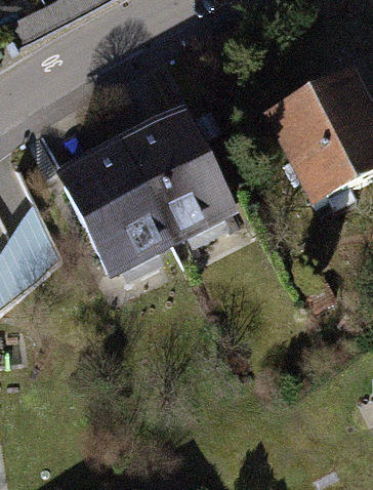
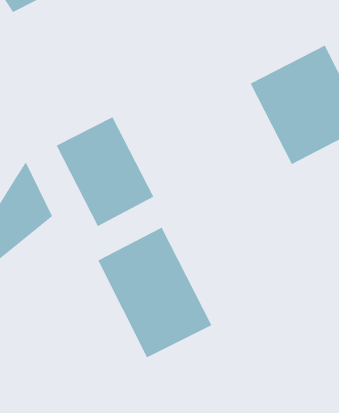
building: [127,118,232,234] -> none
building: none -> [97,227,212,358]

